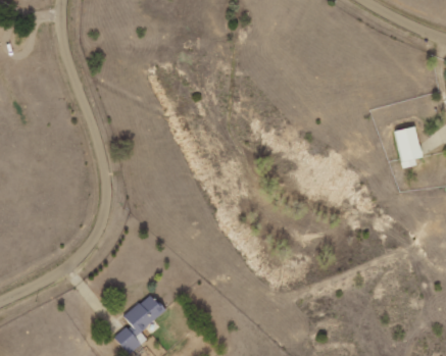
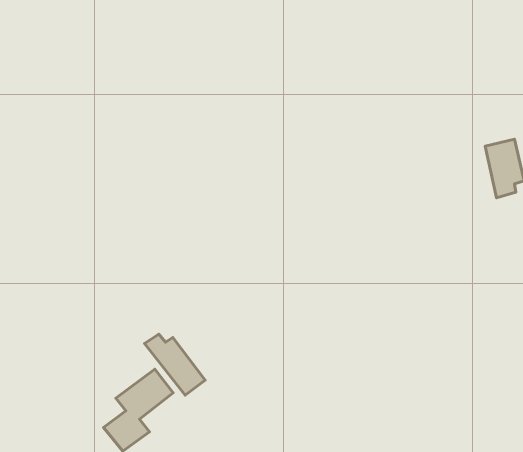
building: none -> [145,334,205,395]

